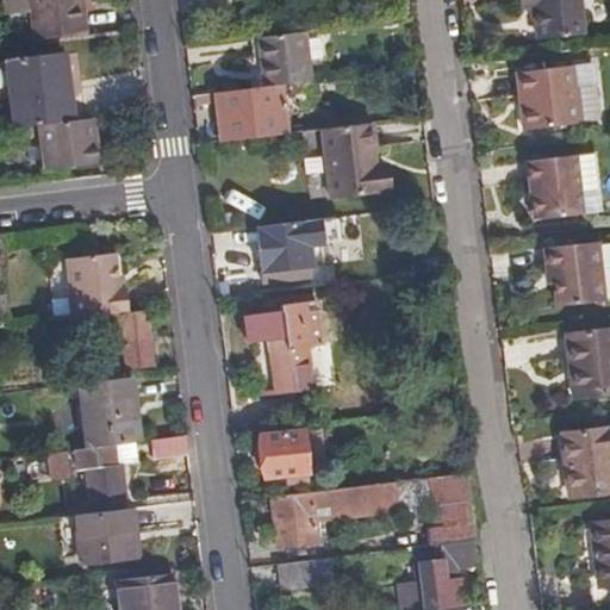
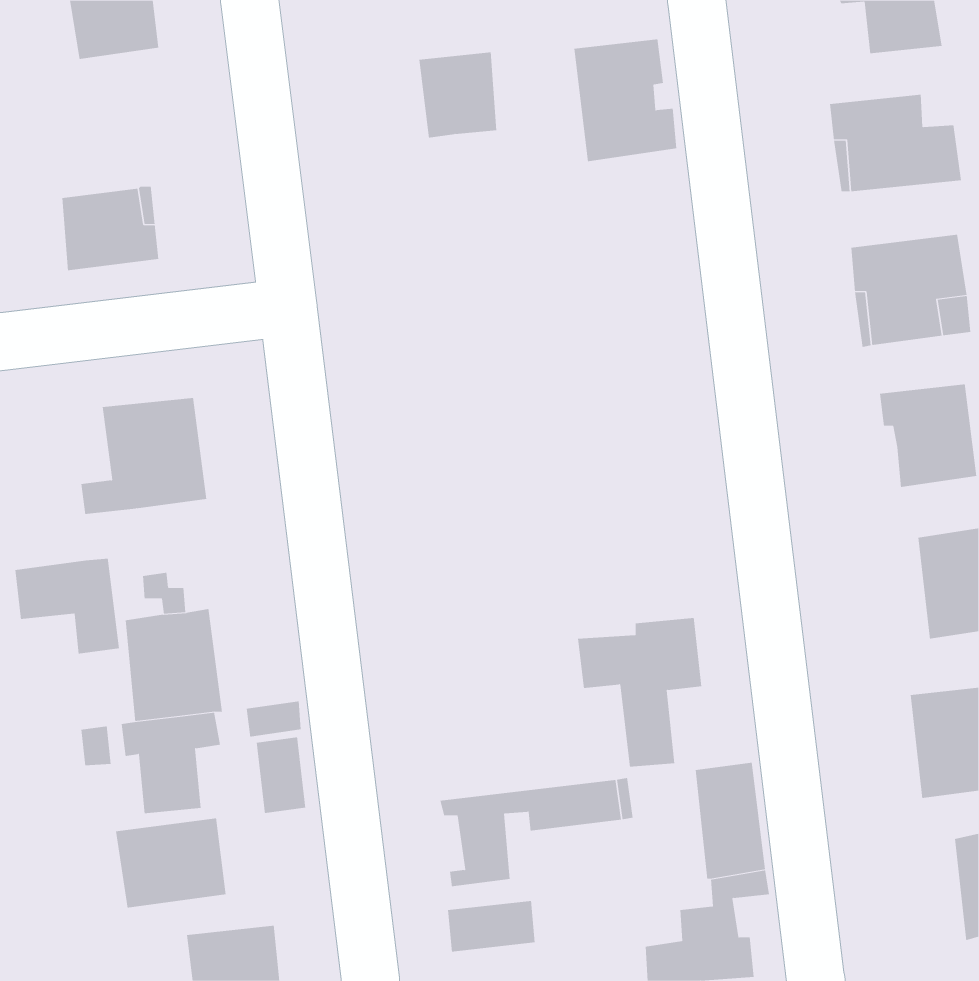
building: [10,52,70,120] -> none
building: [216,83,288,141] -> none
building: [316,124,380,200] -> [574,39,677,162]
building: [257,219,335,282] -> none
building: [244,301,322,394] -> [577,618,702,767]
building: [85,309,150,368] -> [14,558,120,654]
building: [262,431,310,478] -> none
building: none -> [256,736,306,814]

